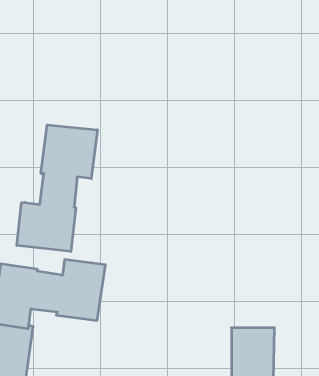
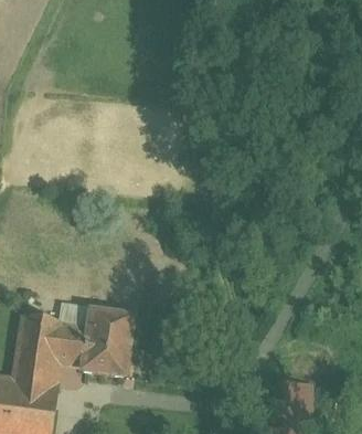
building: [17,125,97,252] -> none

